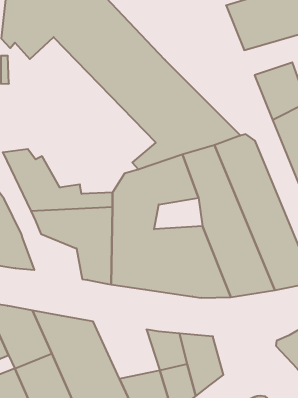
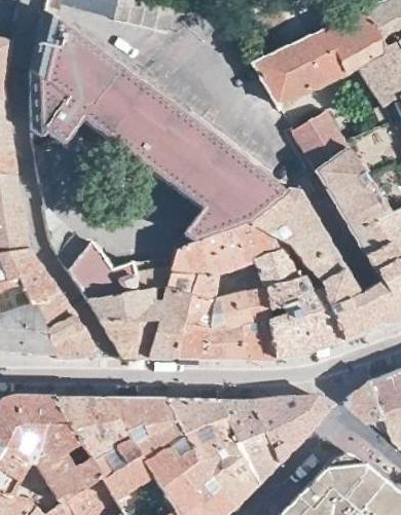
building: none -> [101,321,149,360]
building: none -> [167,401,241,454]
building: none -> [289,395,330,435]

